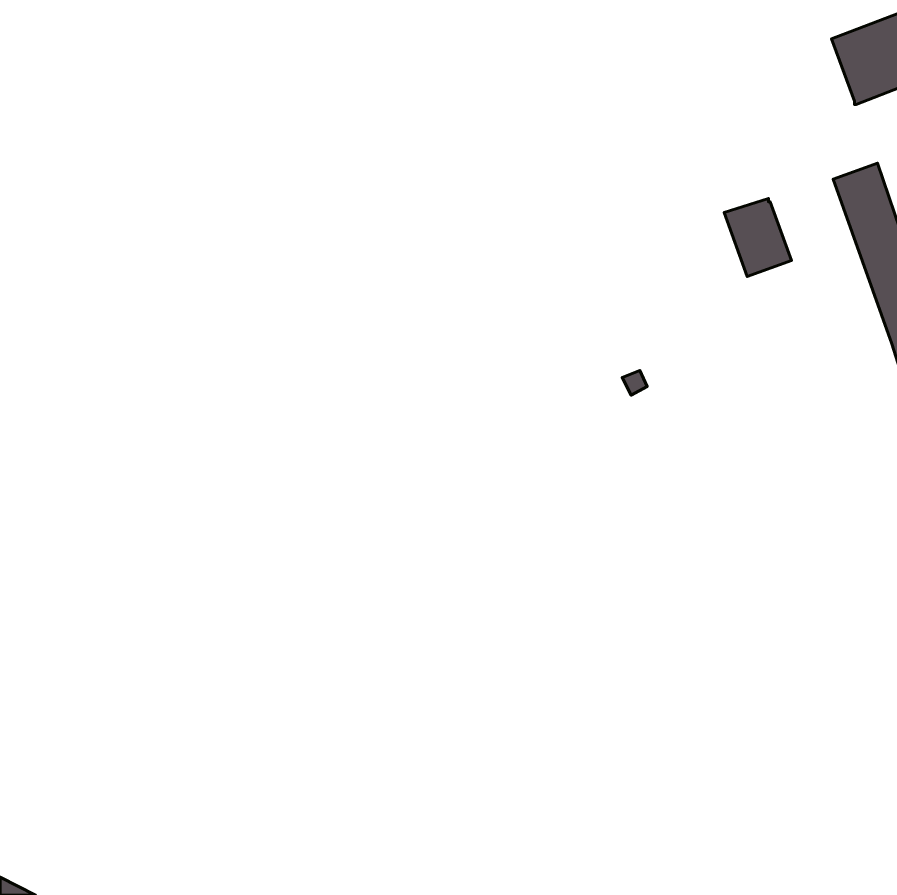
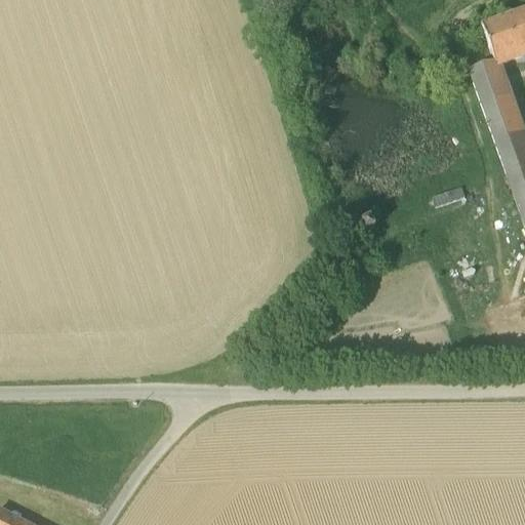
building: [724,198,792,276] -> [474,58,513,104]

